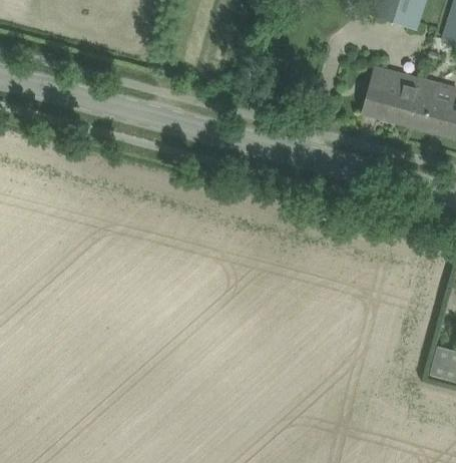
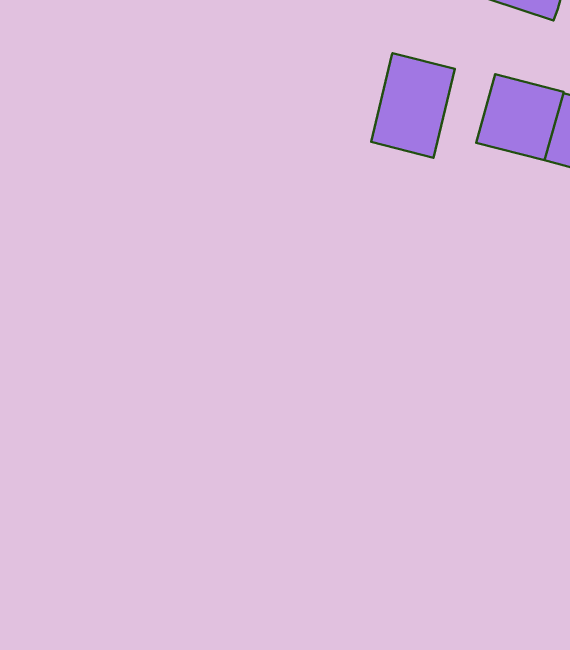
building: none -> [371,53,455,158]

